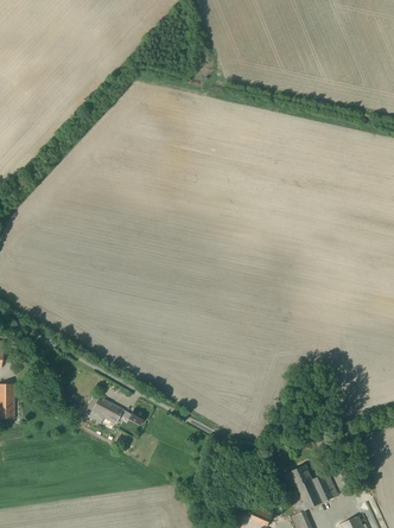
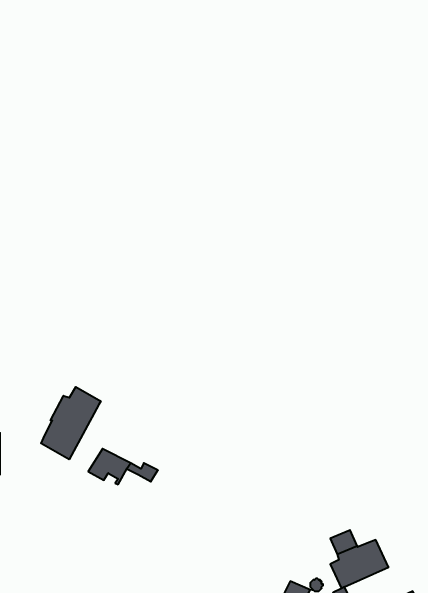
building: none -> [41,387,101,459]

